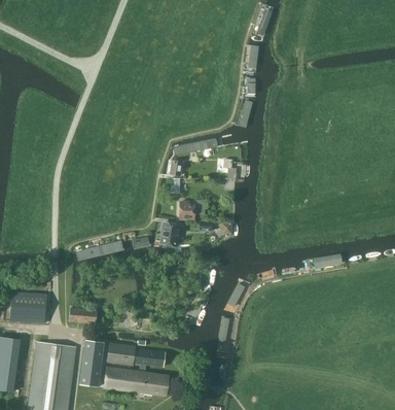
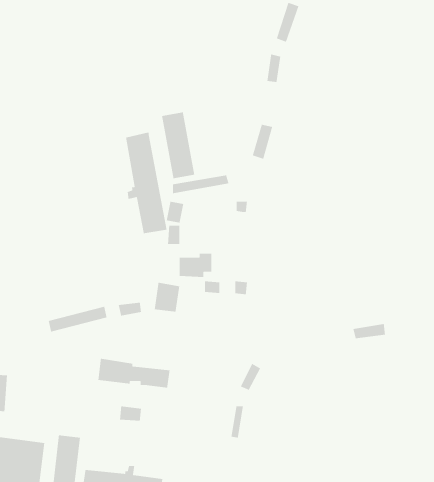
building: none -> [161,112,195,179]
building: none -> [125,132,167,234]
building: [69,307,97,323] -> none
building: [107,342,164,366] -> [97,358,170,388]

